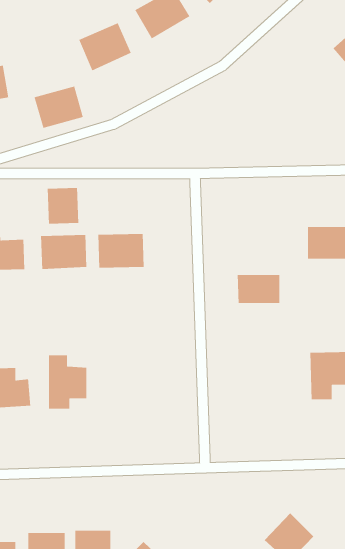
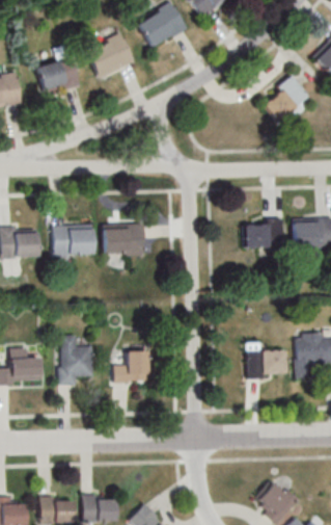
building: none -> [263,76,309,126]
building: [34,85,84,129] -> [35,55,81,95]
building: [47,187,79,225] -> none
building: [237,274,280,304] -> [244,220,283,247]
building: none -> [247,342,286,376]
building: none -> [114,350,150,382]

